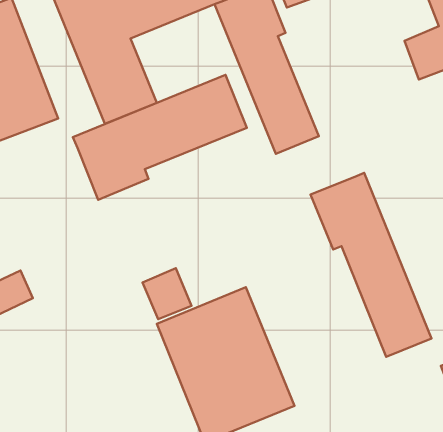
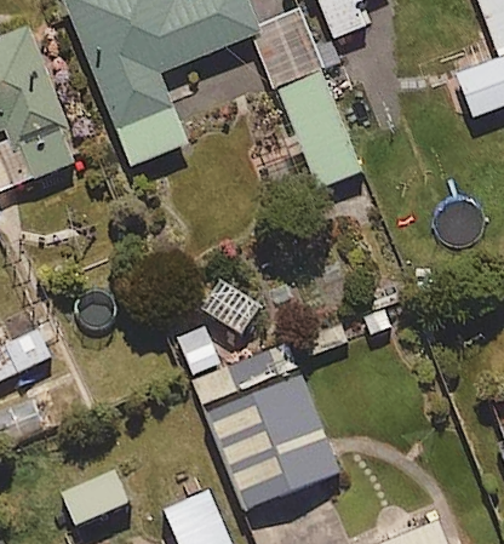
building: [73,75,247,200] -> none
building: [310,173,431,357] -> none

